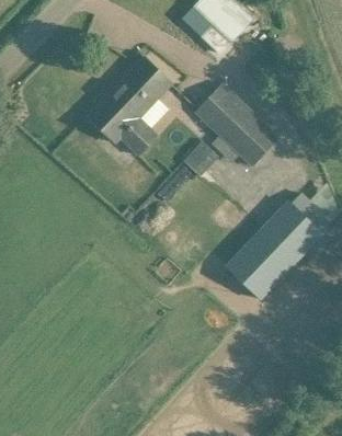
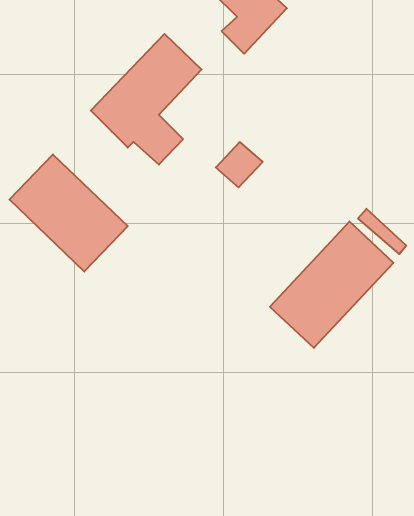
building: [196,84,280,167] -> none
building: none -> [9,154,128,272]

